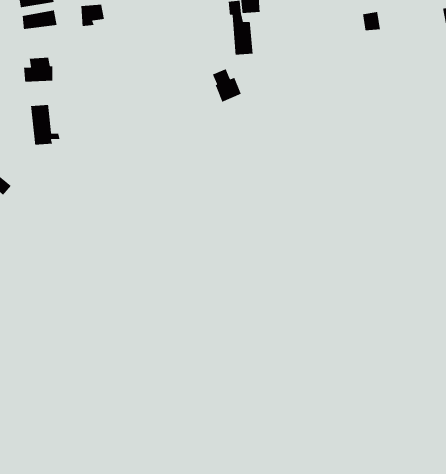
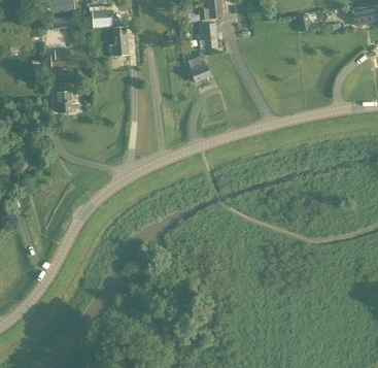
building: none -> [110,24,129,56]

